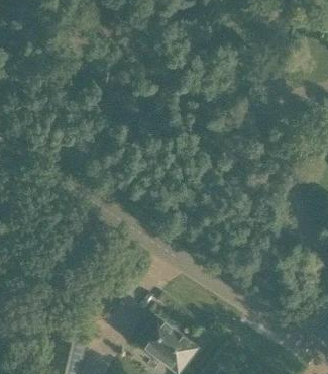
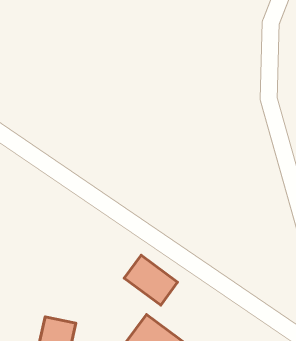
building: none -> [124,255,178,305]

